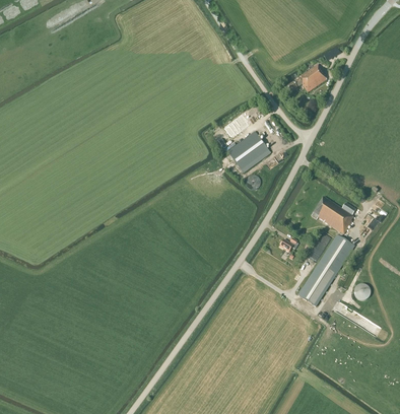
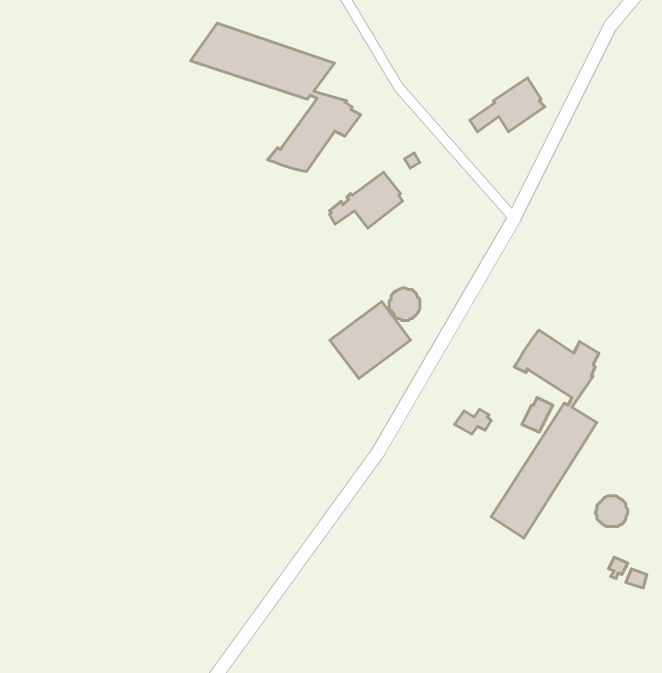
building: none -> [191,23,361,171]
building: [227,131,270,171] -> [330,301,411,379]

